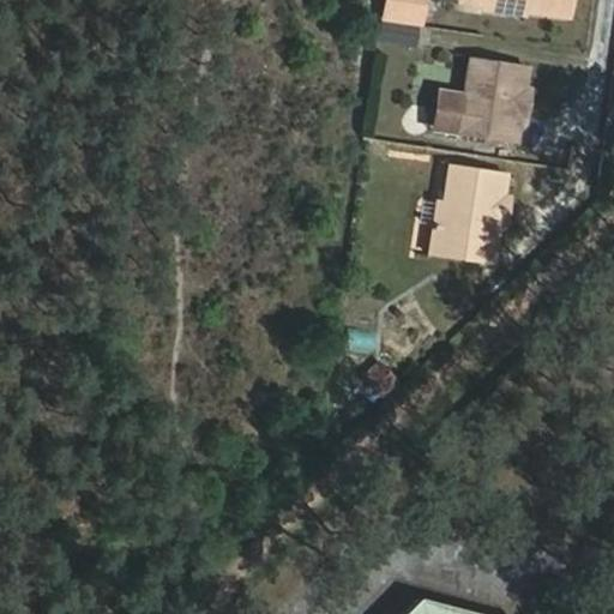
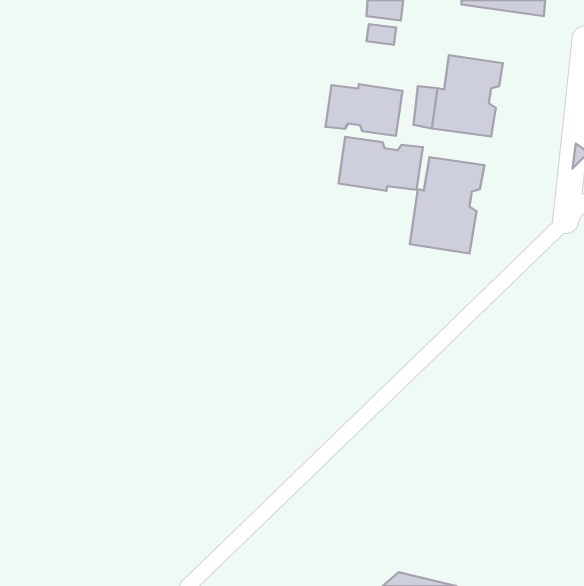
building: none -> [325,84,402,136]
building: none -> [338,137,423,191]

